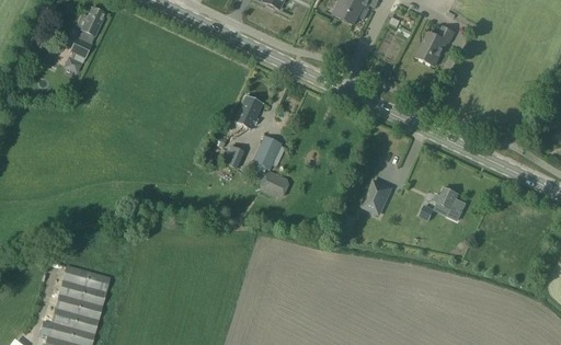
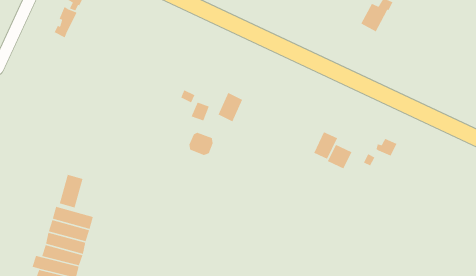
building: [234,94,263,128] -> none
building: [261,170,289,197] -> [189,132,213,156]
building: none -> [327,144,352,170]
building: none -> [59,174,83,209]

